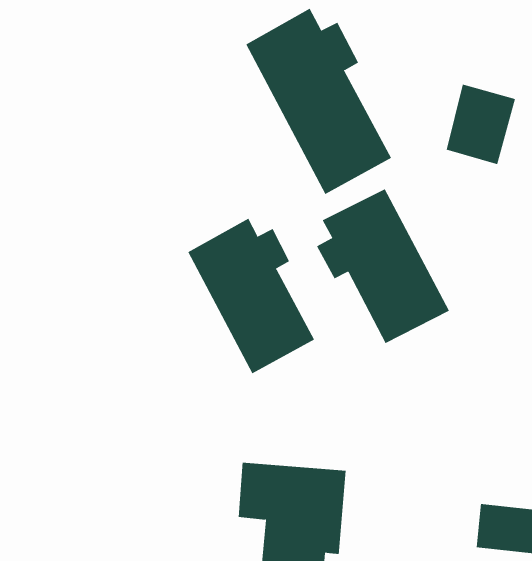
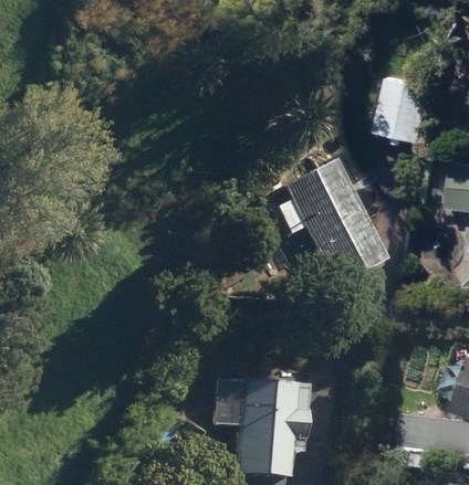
building: [245,8,392,195] -> none
building: [188,218,315,374] -> none

